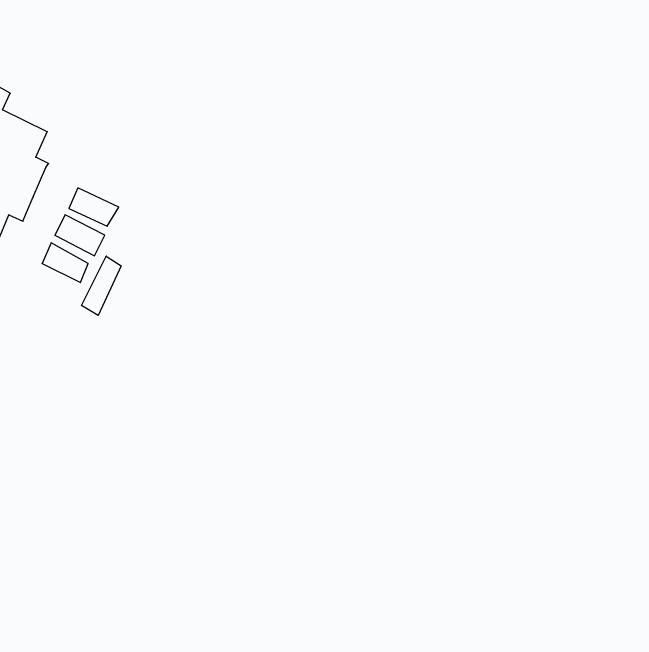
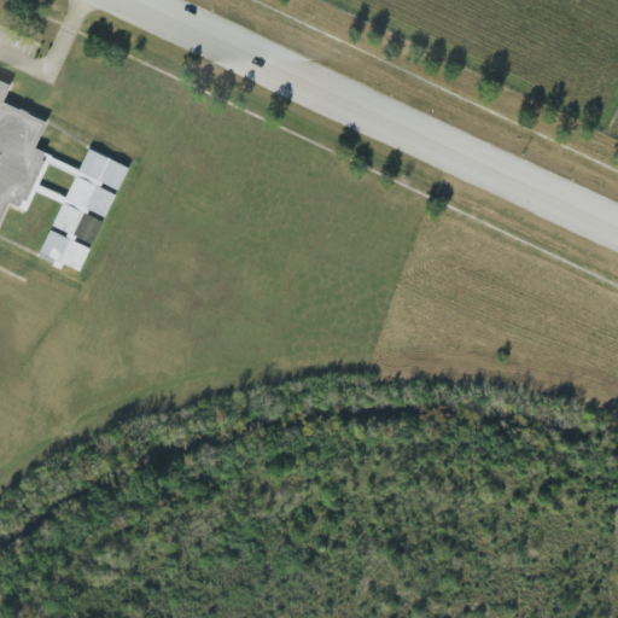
building: none -> [78,151,126,187]
building: [82,256,121,315] -> none

